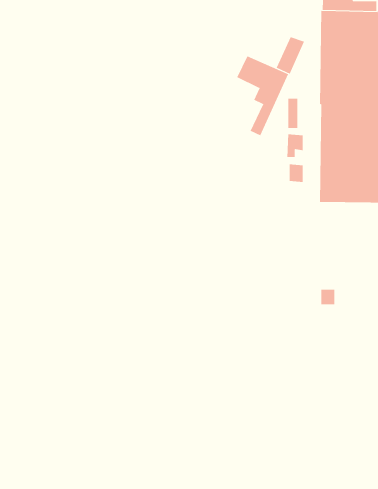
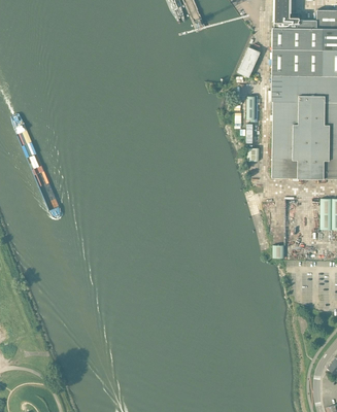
building: [237,55,289,136] -> none

